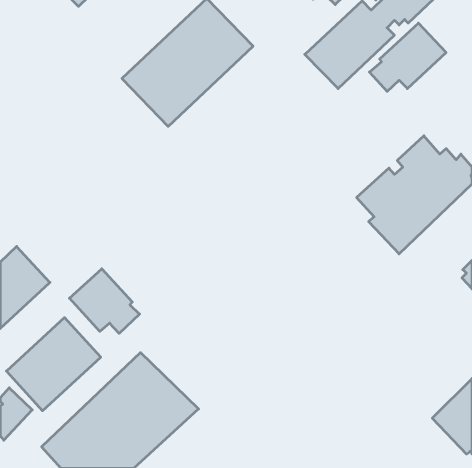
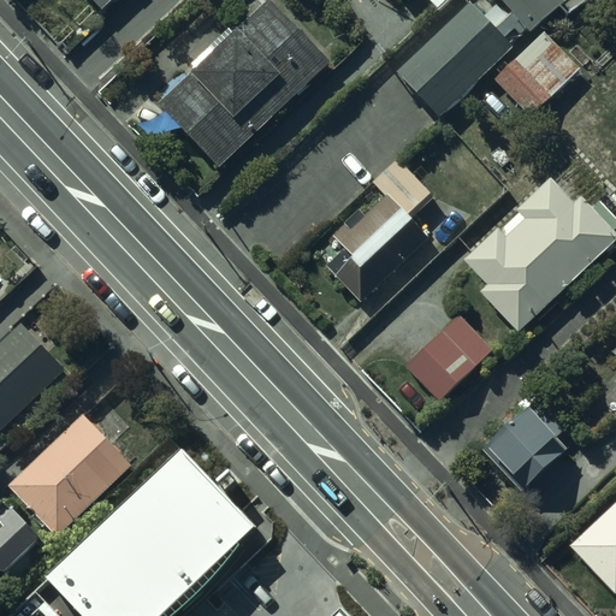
building: none -> [326,155,434,301]
building: none -> [407,313,493,399]
building: [69,269,140,333] -> none
building: none -> [472,395,563,490]

